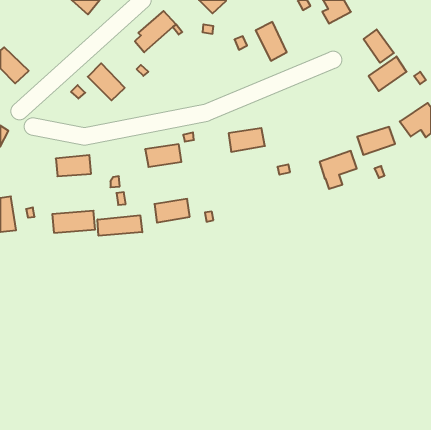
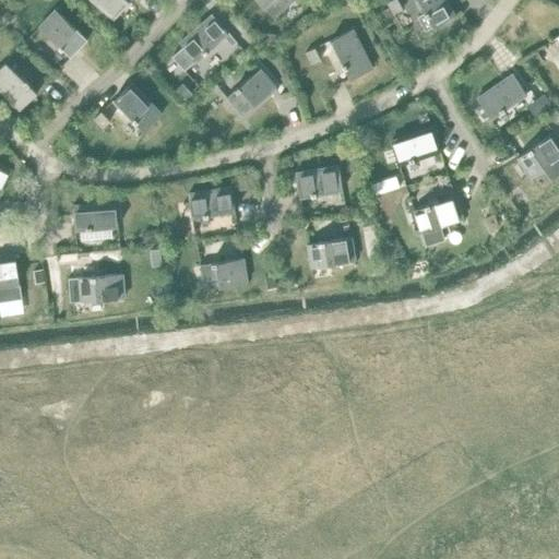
building: none -> [38,11,86,58]
building: [364,29,394,63] -> none
building: none -> [226,69,275,116]
building: [357,127,395,155] -> [391,129,440,165]
building: none -> [307,237,355,267]
building: [98,215,142,236] -> none

